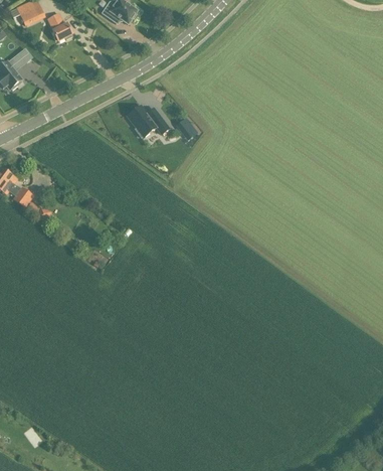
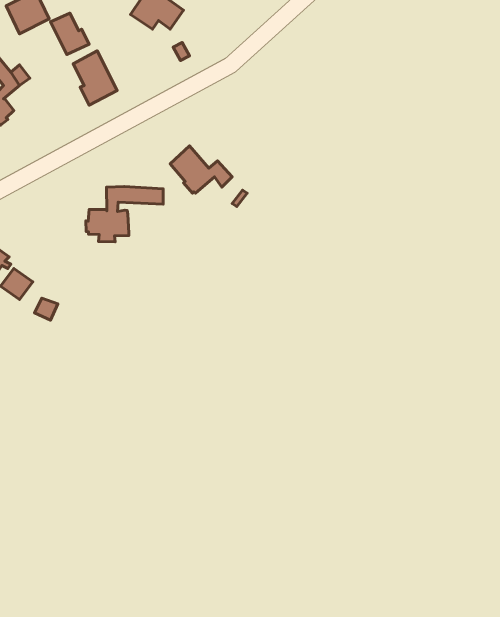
building: none -> [73,51,117,105]
building: none -> [86,186,163,242]

